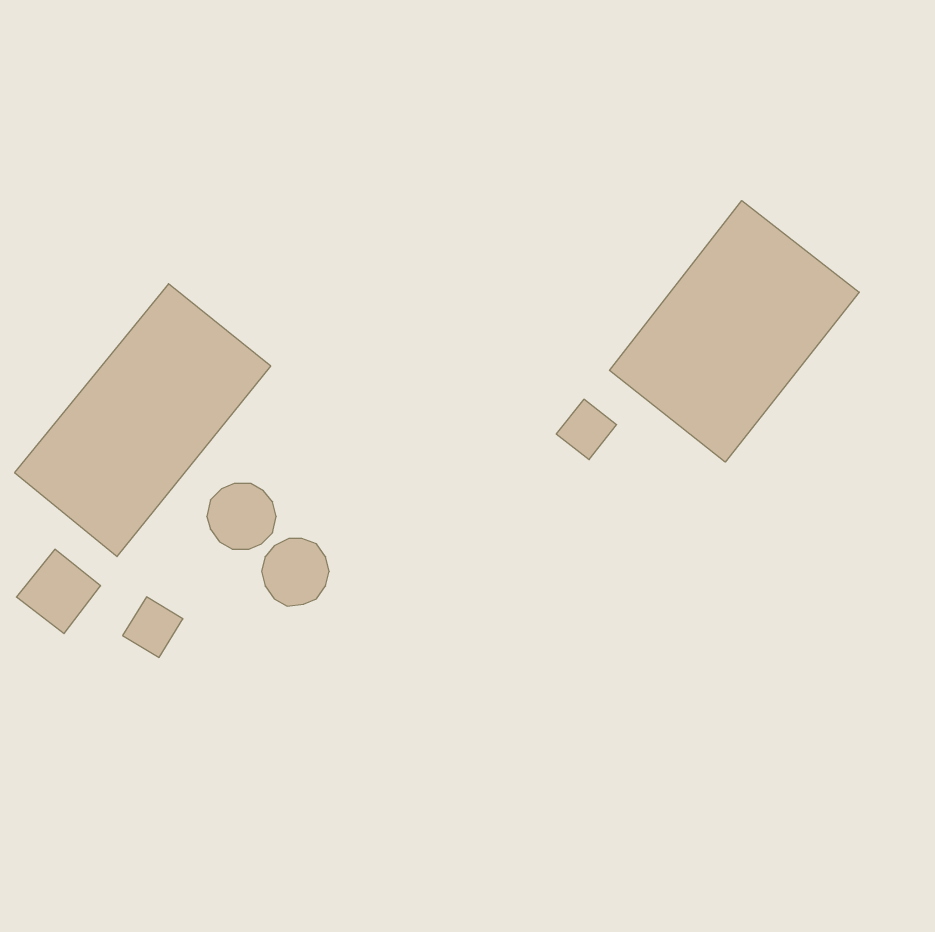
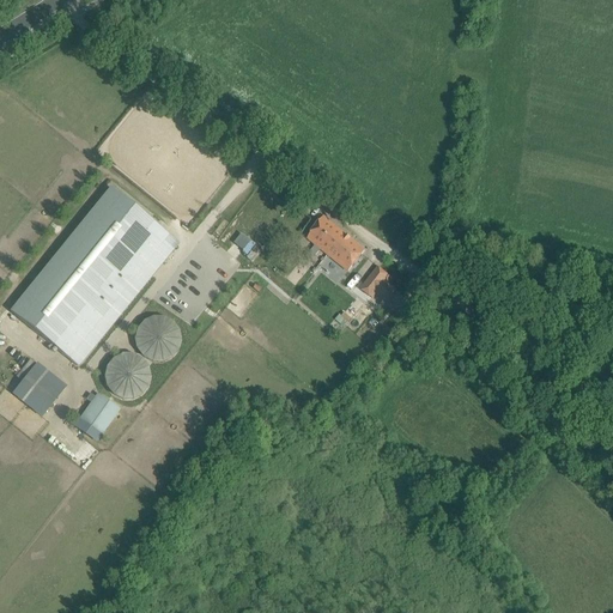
building: [610,201,859,462] -> none
building: none -> [308,214,365,269]
building: [262,538,329,606] -> [105,353,150,397]

